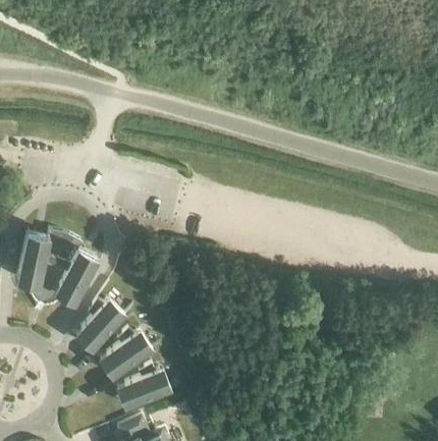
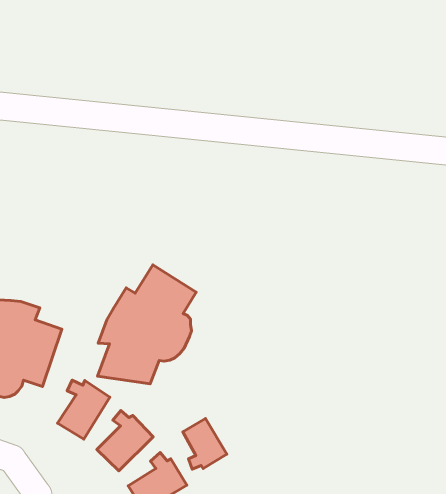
building: none -> [98,265,196,384]
building: none -> [183,419,227,469]

